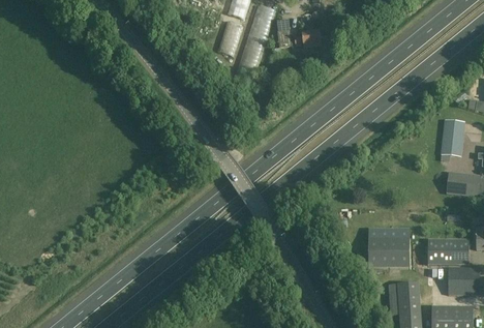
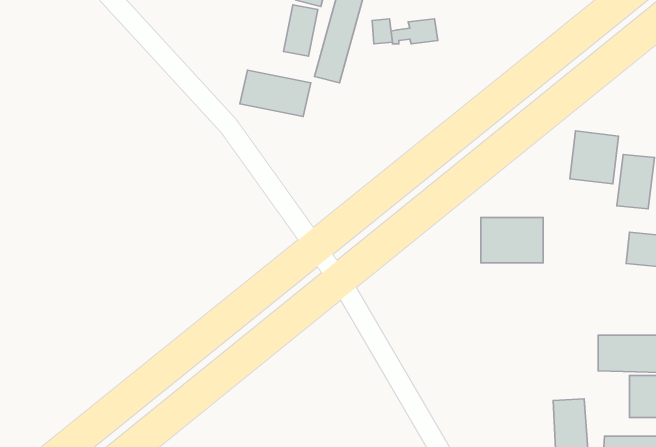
building: none -> [240,70,311,116]
building: none -> [570,131,619,184]
building: [368,237,410,267] -> [481,218,543,263]

